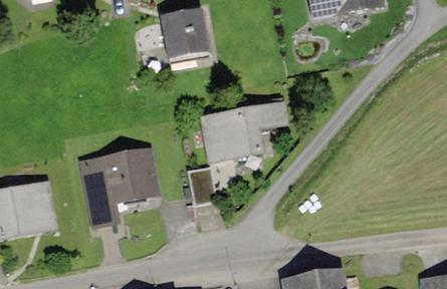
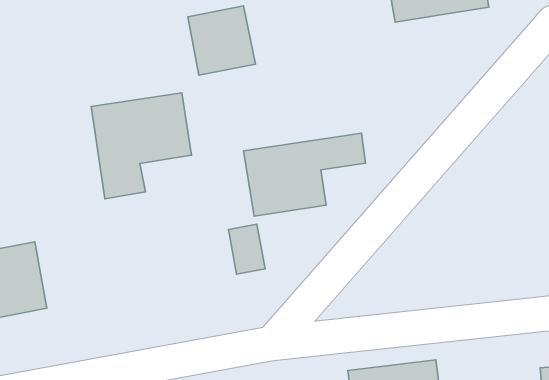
building: [83,150,158,228] -> [91,93,191,199]

